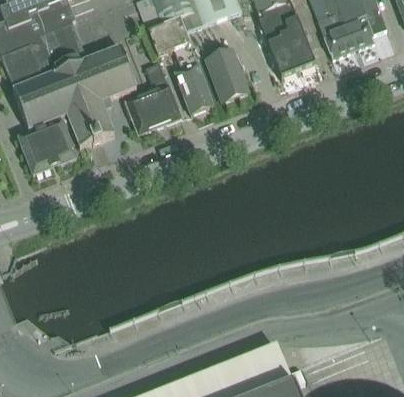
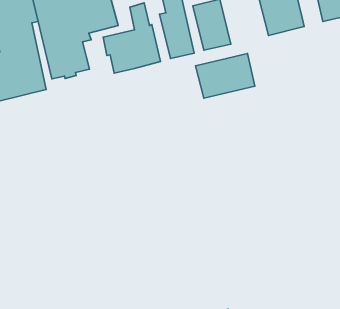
building: none -> [195,53,255,98]

